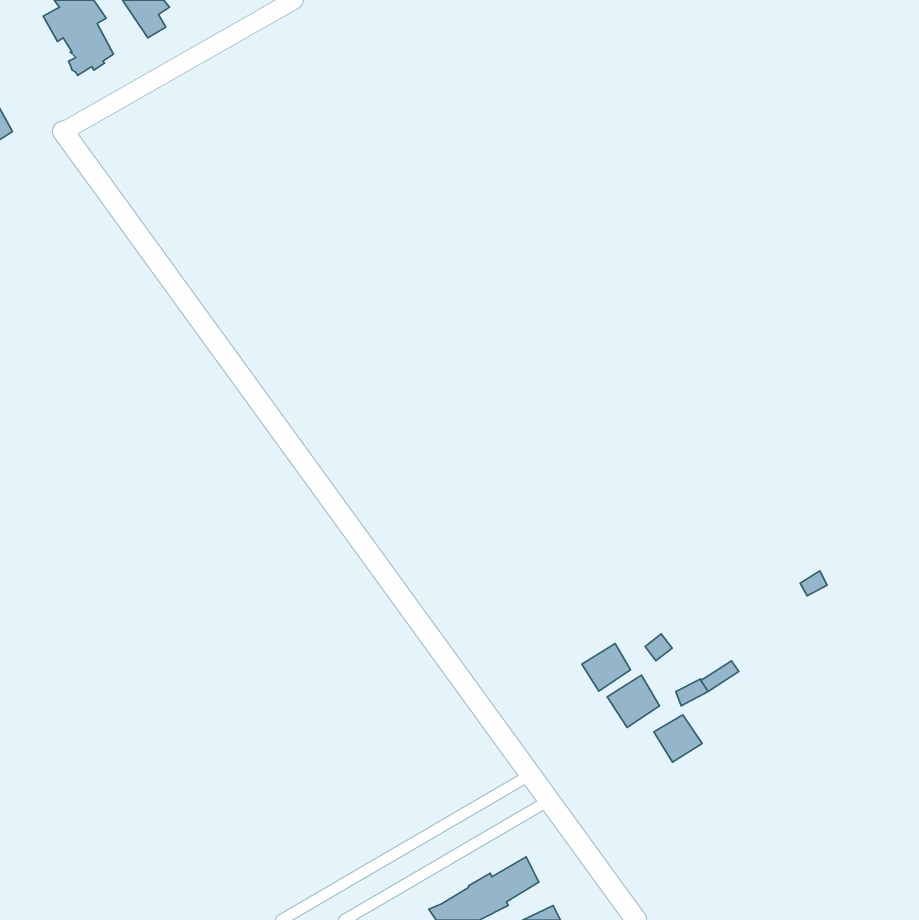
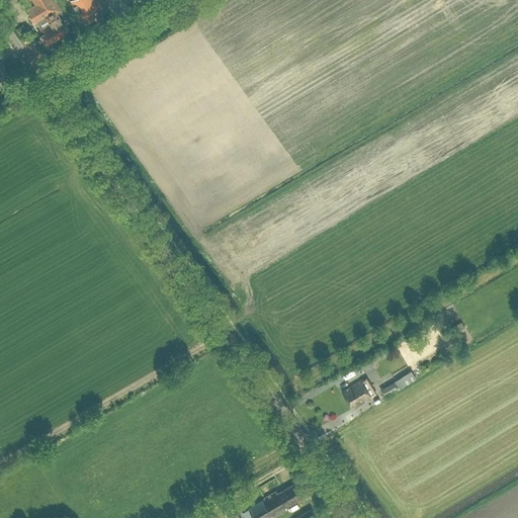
building: [582,644,631,691] -> none
building: [654,715,702,762] -> none

